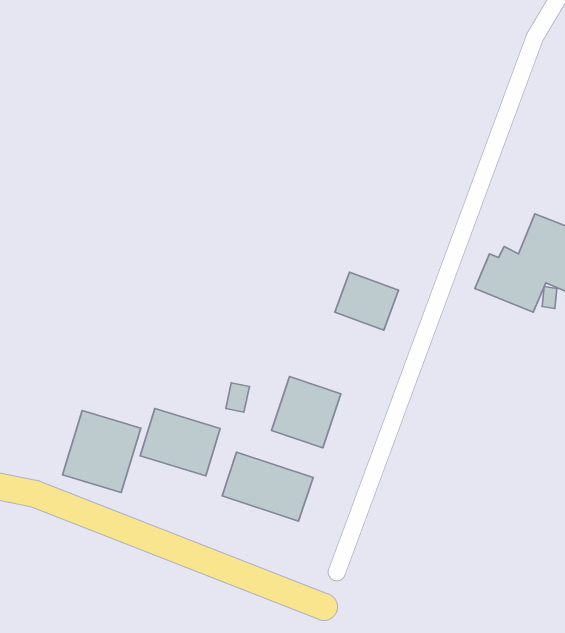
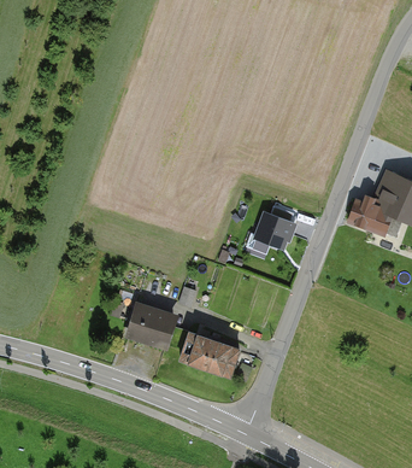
building: [272,376,341,448] -> none
building: [63,410,141,492] -> none

